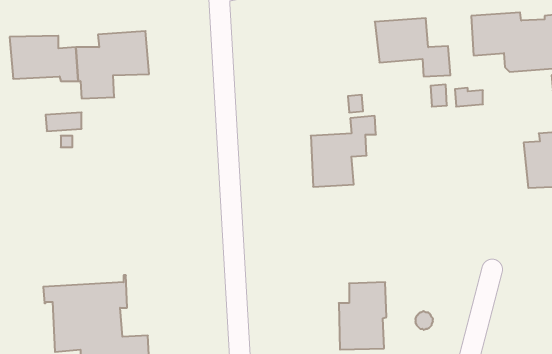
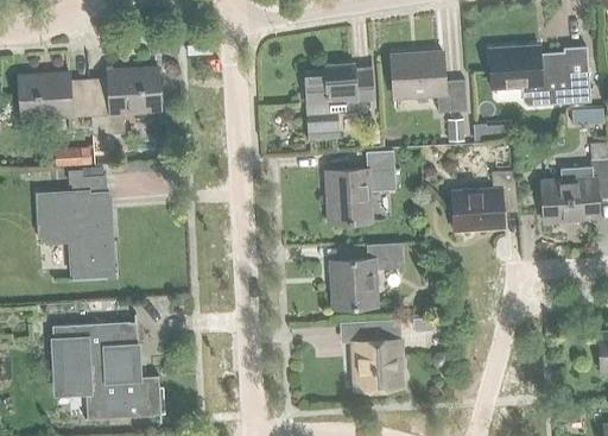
building: none -> [304,63,374,139]
building: none -> [451,172,515,232]
building: none -> [38,191,113,279]
building: none -> [331,244,401,309]

